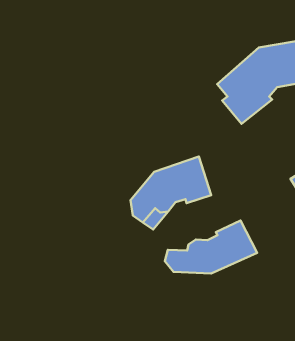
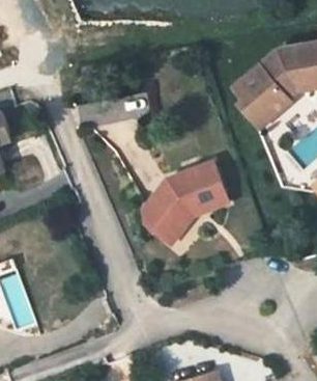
building: [165,221,257,274] -> none

